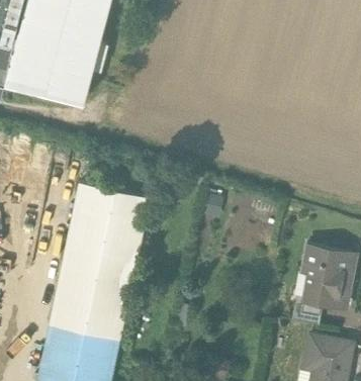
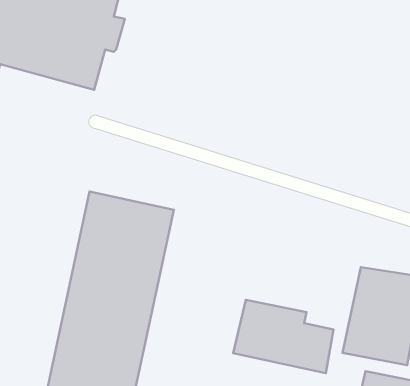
building: none -> [233,300,333,373]

